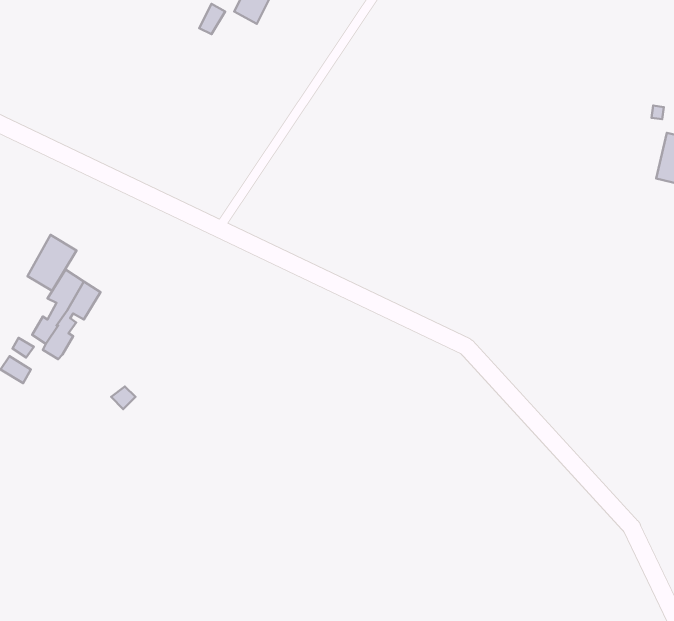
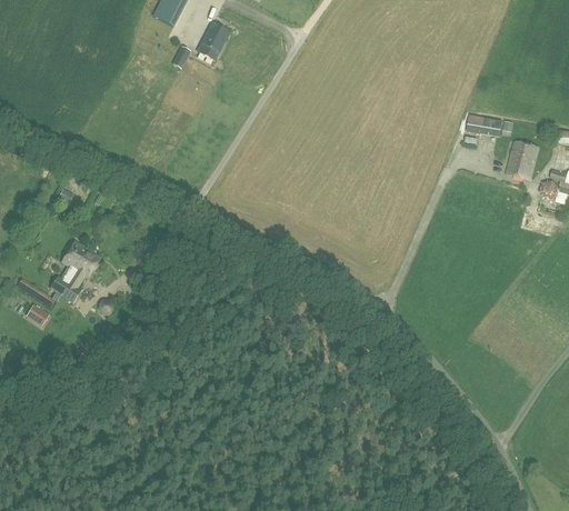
building: none -> [467,112,502,140]
building: [27,235,76,291] -> none

